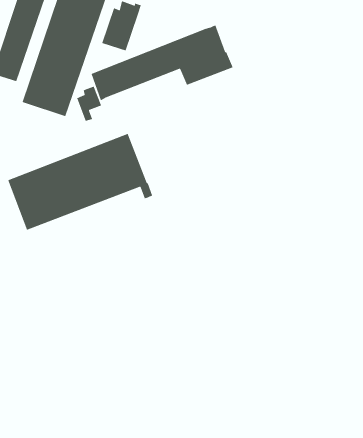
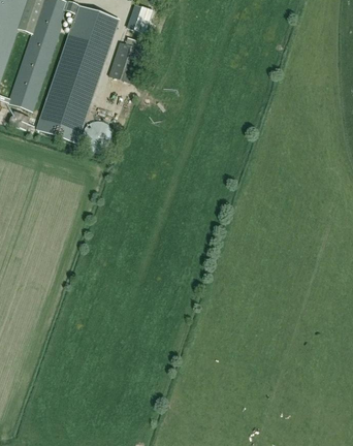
building: [90,24,234,101] -> none
building: [7,133,153,231] -> none

